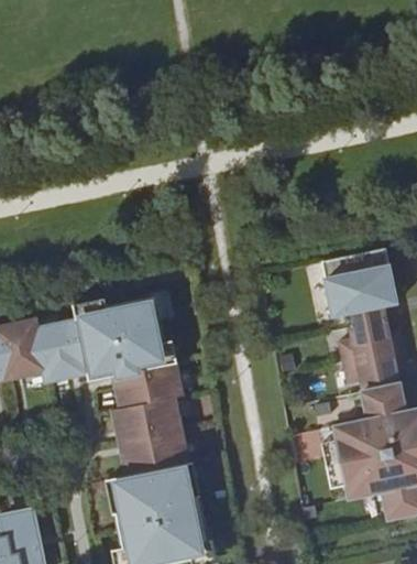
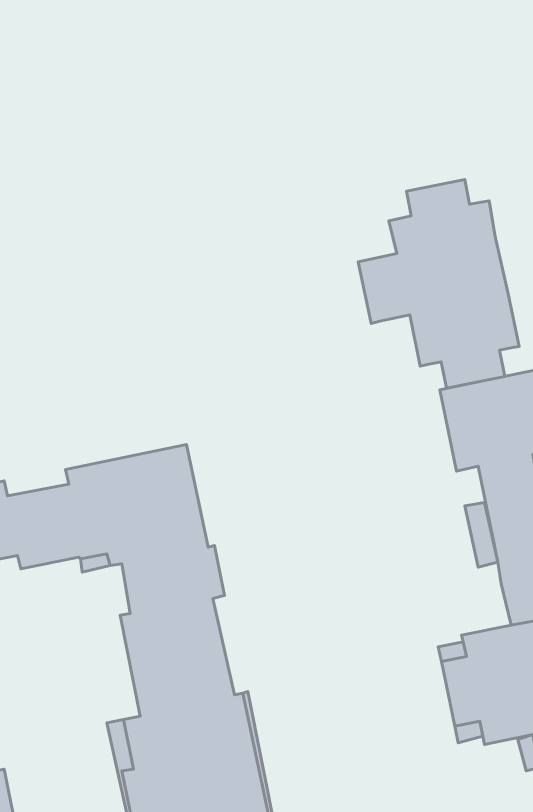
building: none -> [358,179,519,388]

